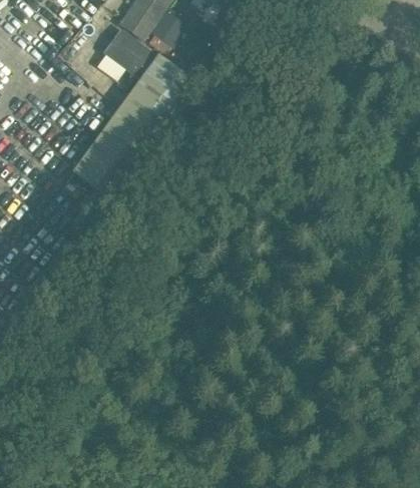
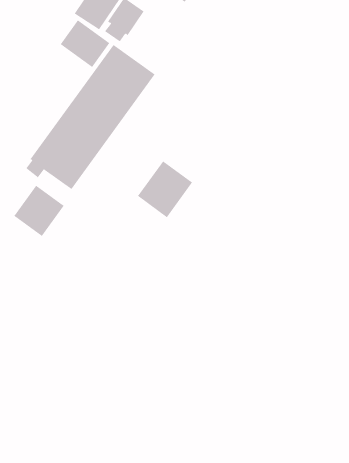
building: none -> [137,160,193,218]
building: none -> [14,185,65,237]

